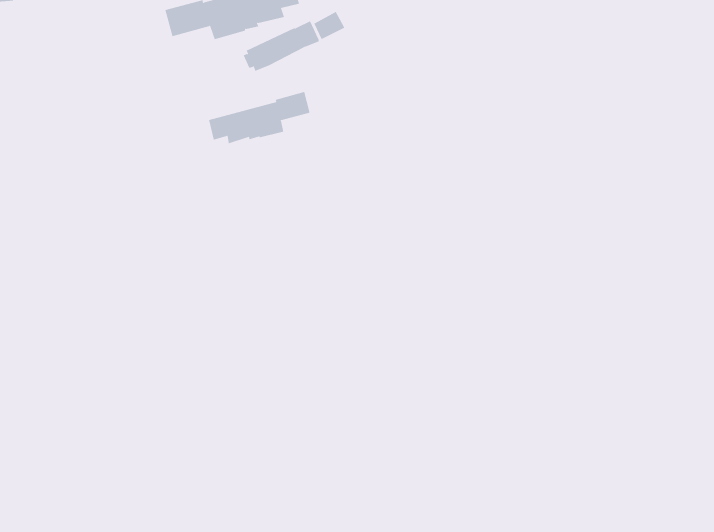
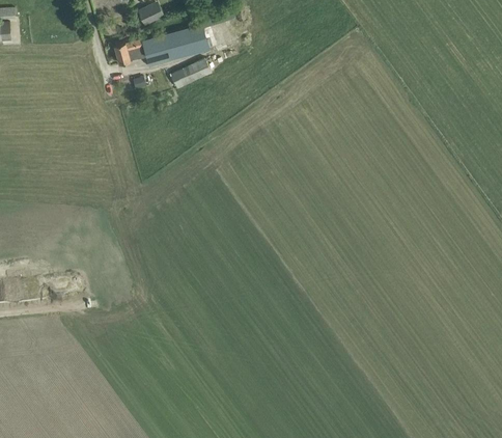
building: [208,91,310,144] -> none

